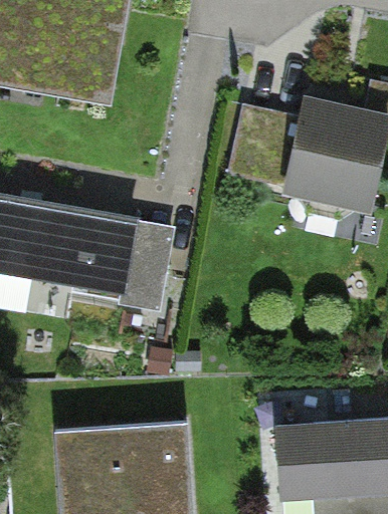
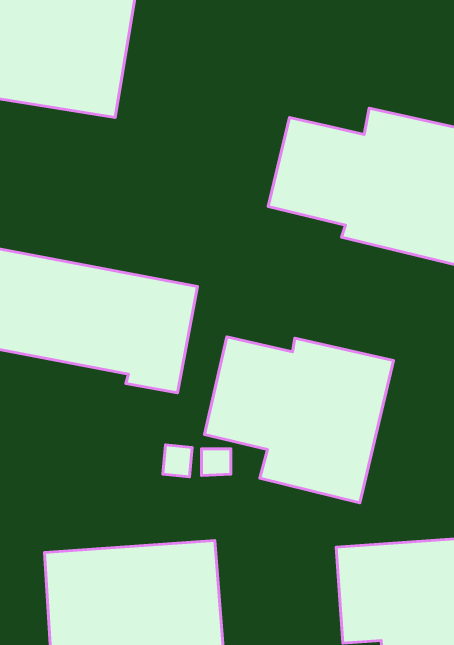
building: none -> [204,337,393,503]

